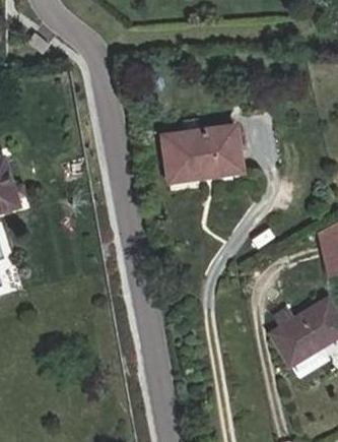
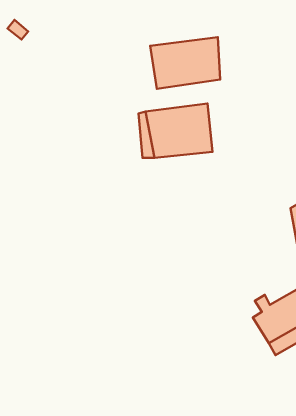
building: none -> [150,37,220,89]

